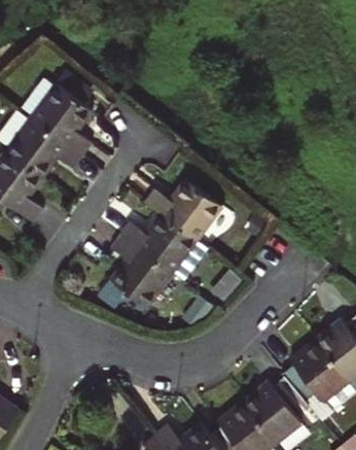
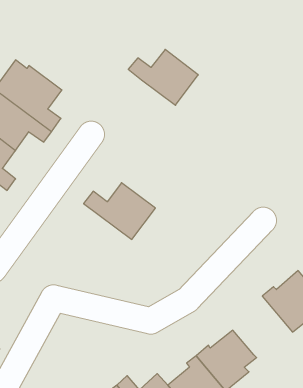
building: [142,186,218,247] -> [128,49,198,105]
building: [106,242,168,314] -> none
building: [277,343,343,407] -> none

